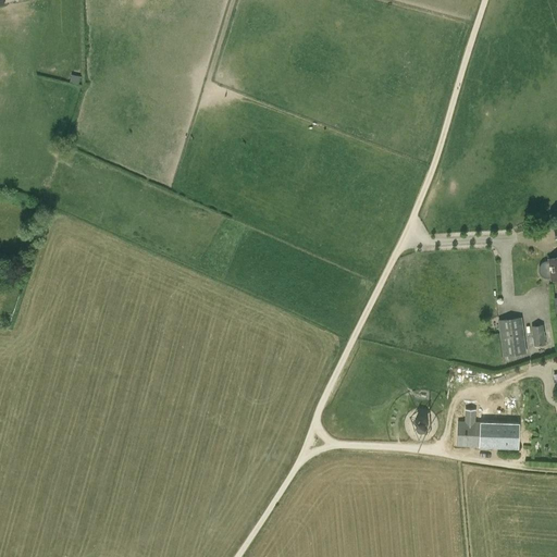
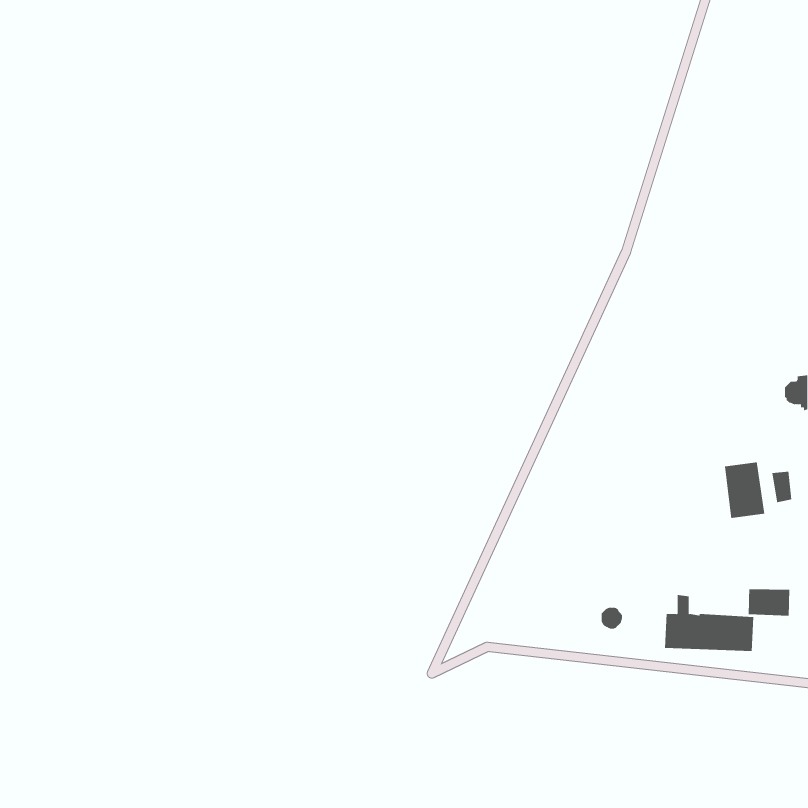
building: none -> [748,587,790,617]

